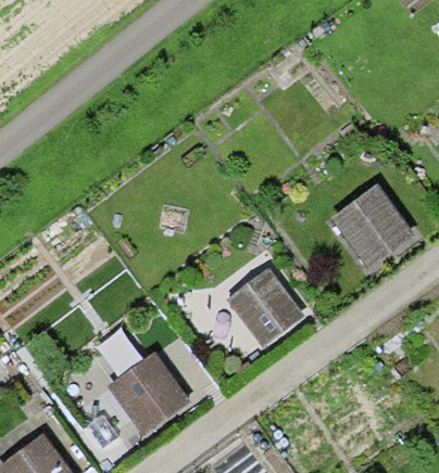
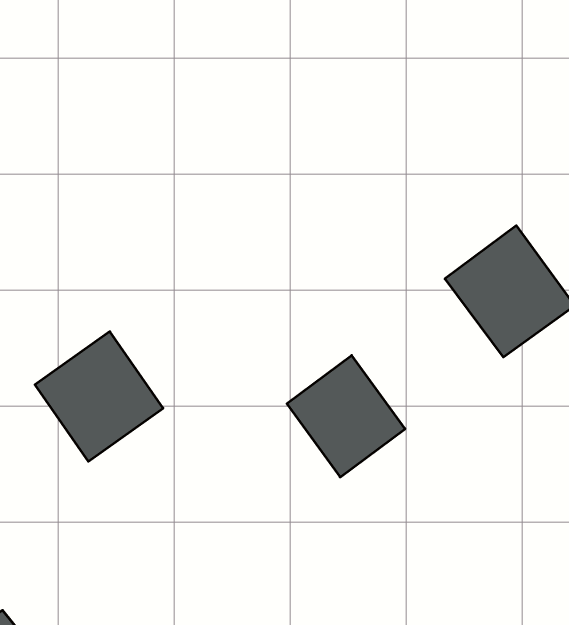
building: [106,351,190,436] -> [35,332,163,461]

